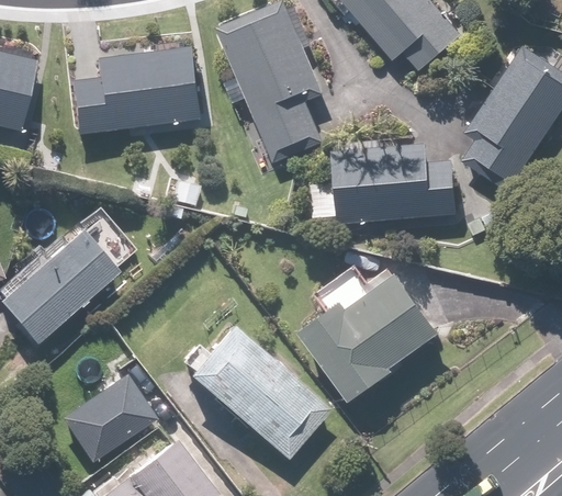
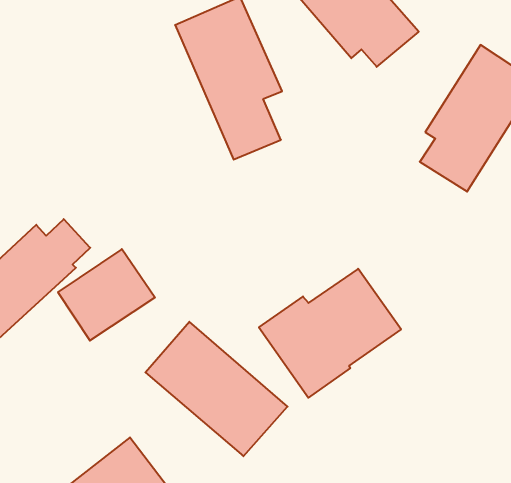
building: [70,48,202,134] -> none
building: [331,144,458,225] -> none
building: [59,374,156,465] -> [58,249,155,341]

